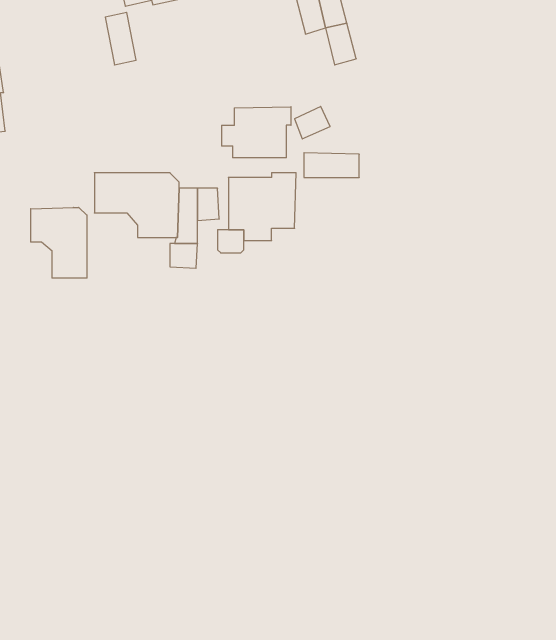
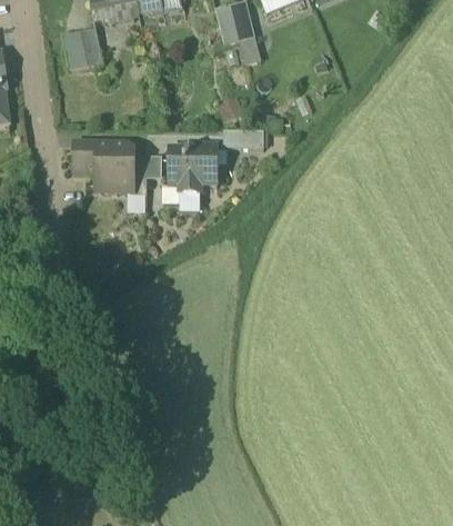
building: none -> [61,31,87,69]
building: [222,107,291,158] -> none
building: [31,207,87,278] -> none

